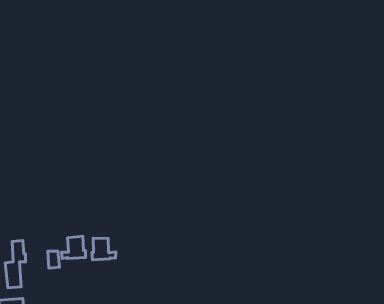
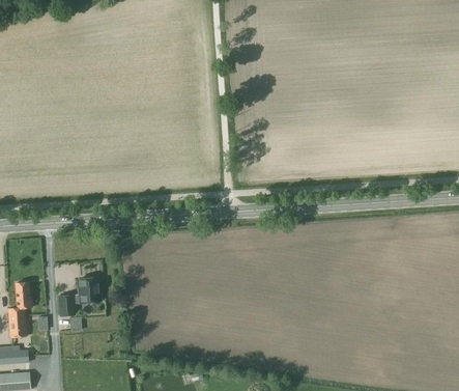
building: [92,238,116,260] -> none

